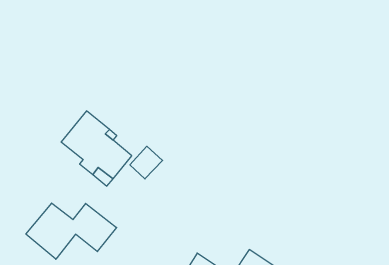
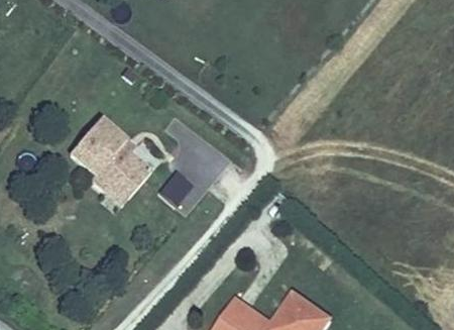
building: [26,203,117,259] -> none

